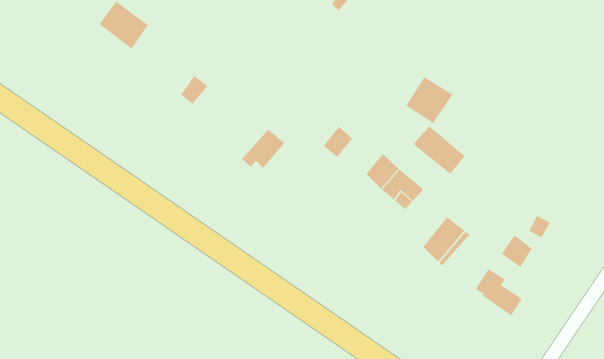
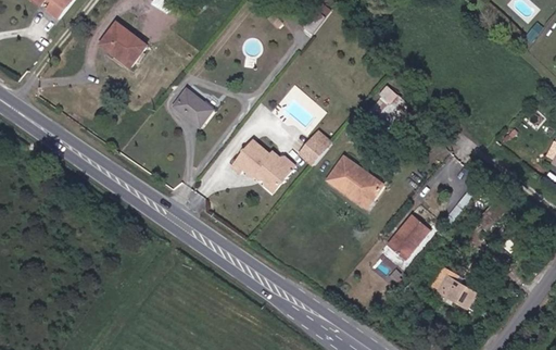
building: none -> [182,99,213,128]
building: [413,125,466,175] -> none
building: none -> [245,150,285,186]
building: [501,235,533,268] -> none

